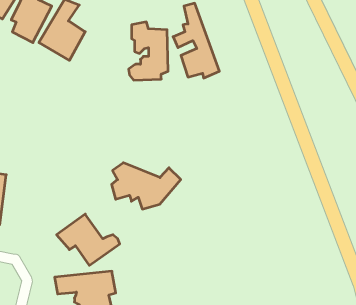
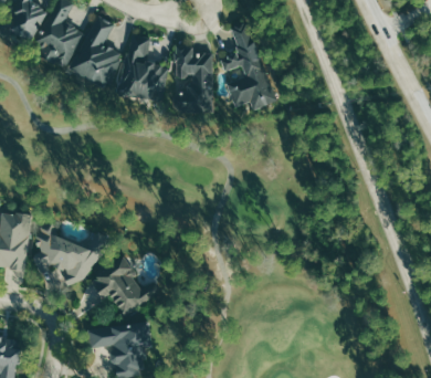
building: none -> [120,34,166,99]
building: [112,163,181,209] -> [33,231,111,283]

